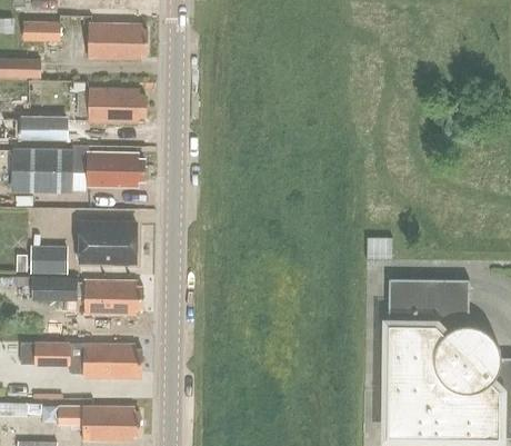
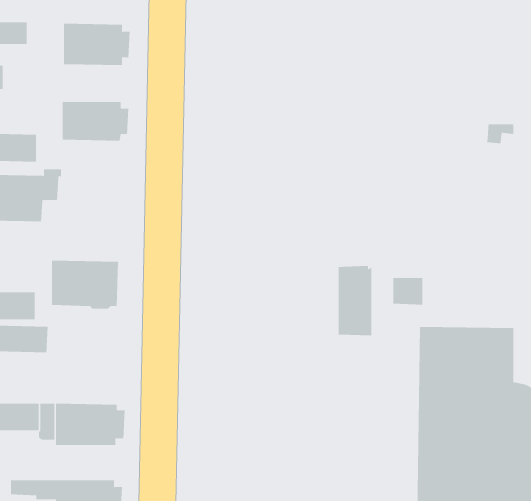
building: [84,152,143,187] -> none
building: none -> [338,265,372,336]
building: [83,279,142,316] -> none

